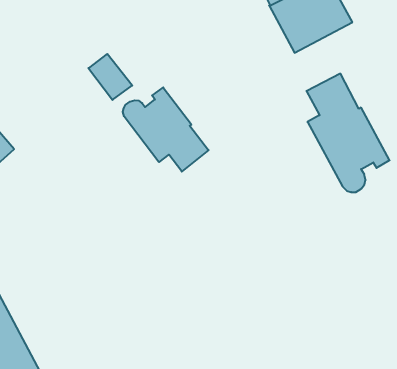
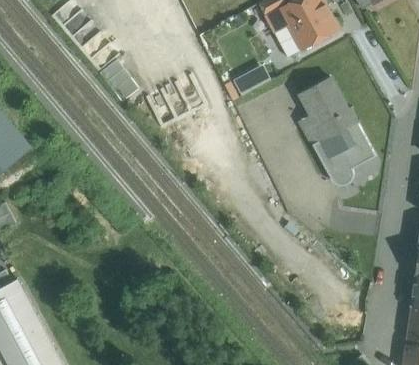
building: none -> [233,63,270,93]
building: [123,87,209,172] -> none

